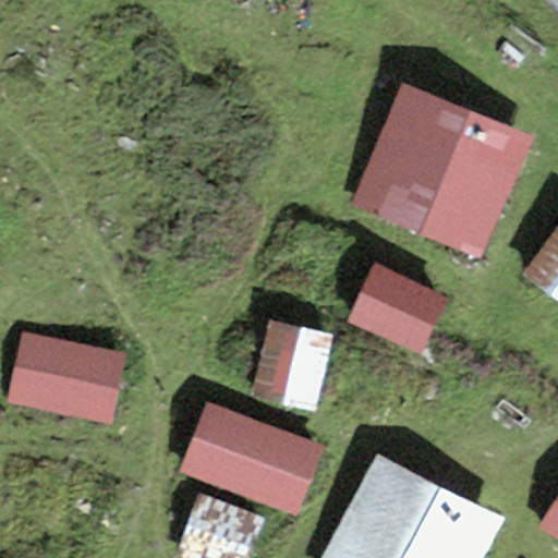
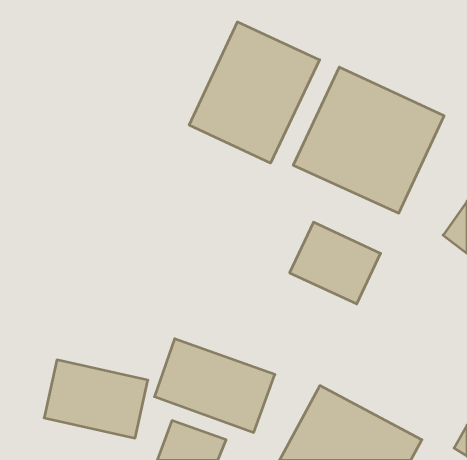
building: none -> [189,22,320,163]
building: [252,322,335,405] -> none
building: [8,333,131,426] -> [44,360,148,438]

